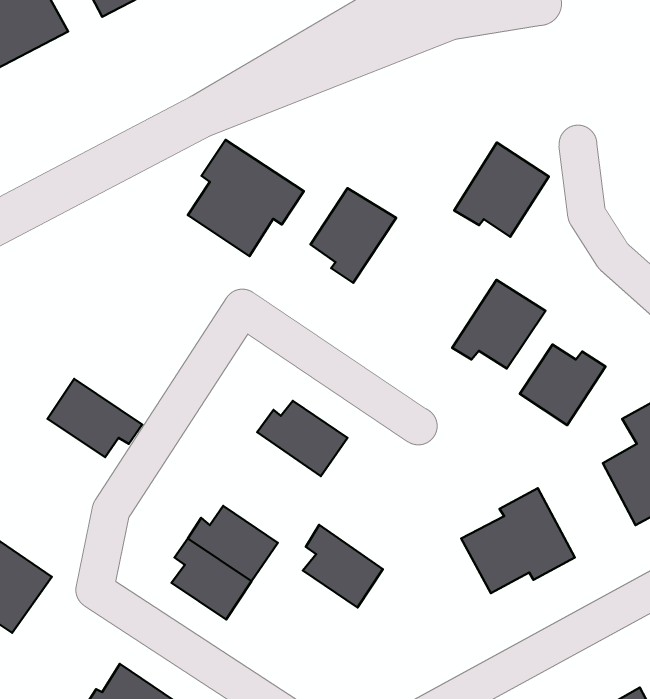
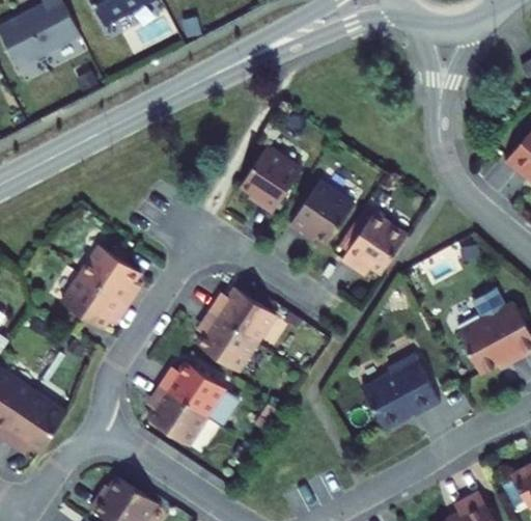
building: [188,140,304,256] -> none
building: [454,142,549,237] -> [297,175,363,242]
building: none -> [82,249,140,308]
building: [520,345,605,425] -> none
building: [303,525,383,607] -> [199,313,255,372]

